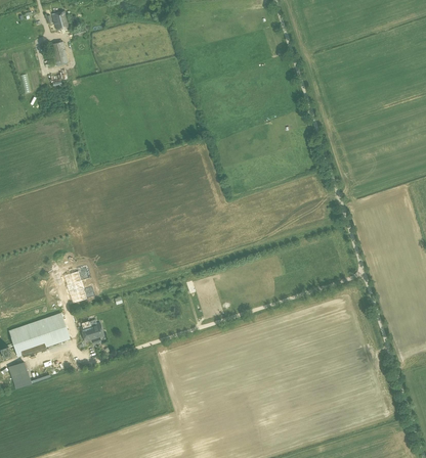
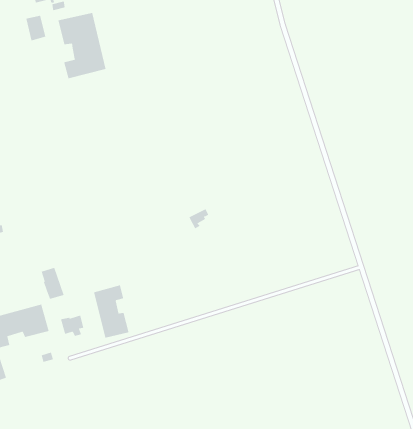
building: none -> [58,12,106,79]
building: none -> [93,285,129,339]

